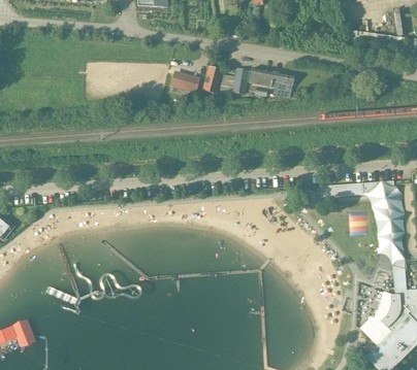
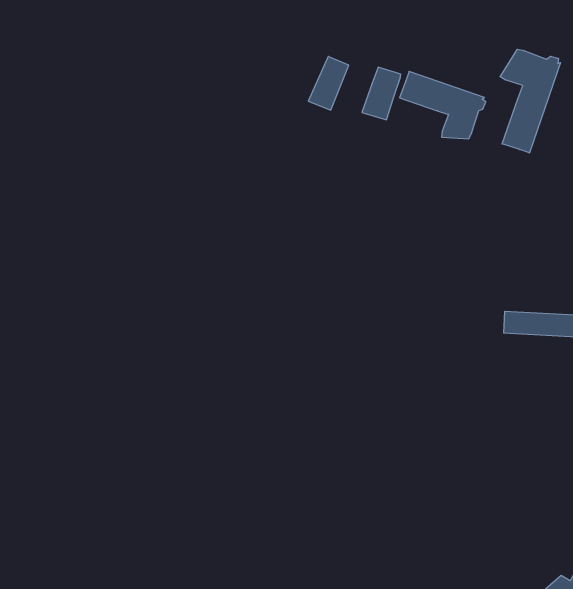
building: none -> [500,49,561,153]
building: [169,69,199,92] -> none

